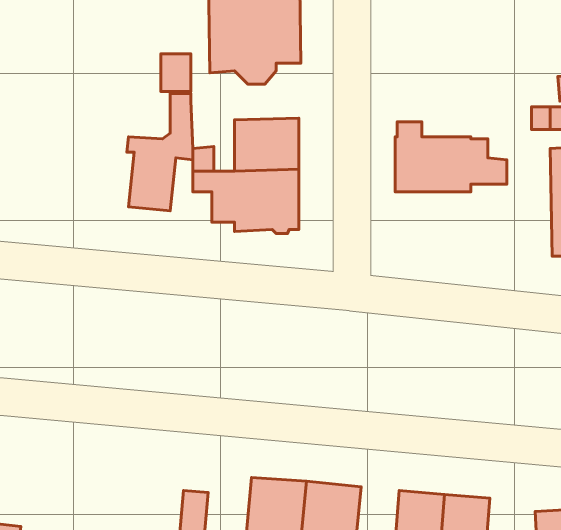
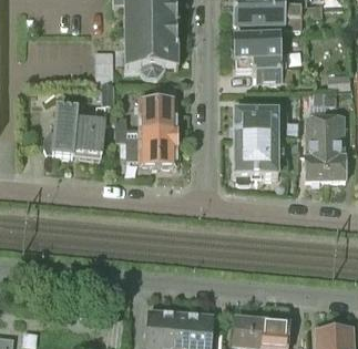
building: none -> [233,34,290,83]
building: none -> [43,105,80,156]
building: none -> [304,116,325,179]
building: none -> [233,142,287,183]

